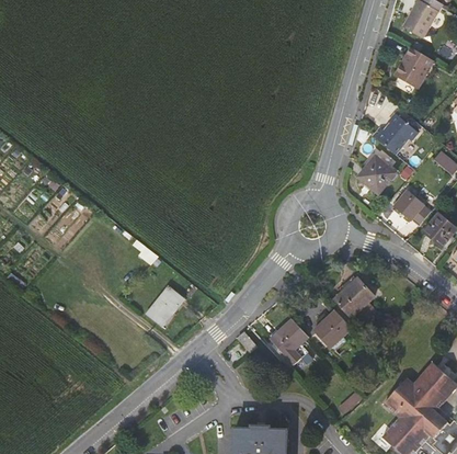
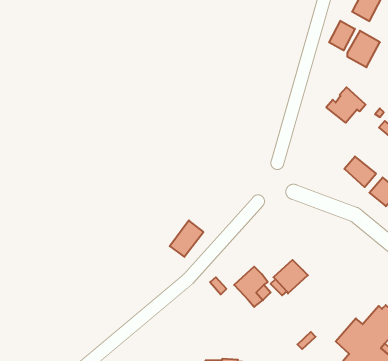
building: none -> [329,21,355,50]
building: [357,156,395,193] -> none
building: [334,277,374,325] -> none
building: [145,288,183,330] -> [170,220,203,257]

